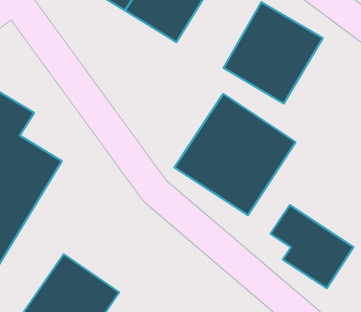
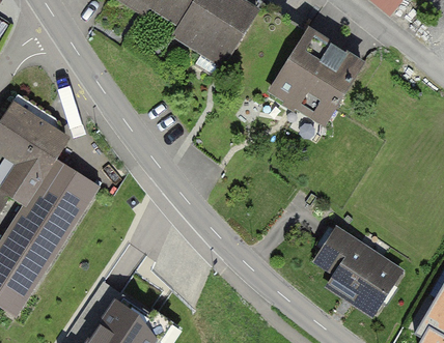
building: [175,94,295,215] -> none

